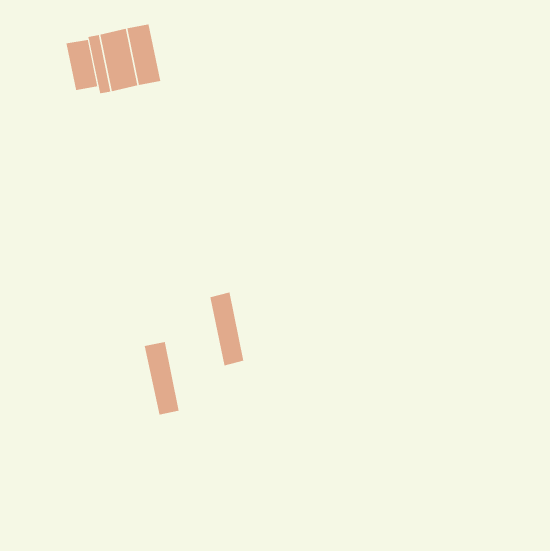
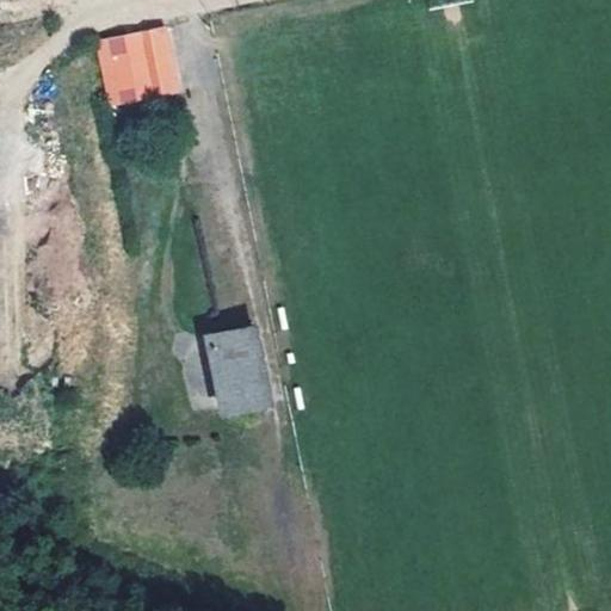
building: [66,39,98,91] -> none
building: [144,342,179,415] -> [208,329,247,411]

